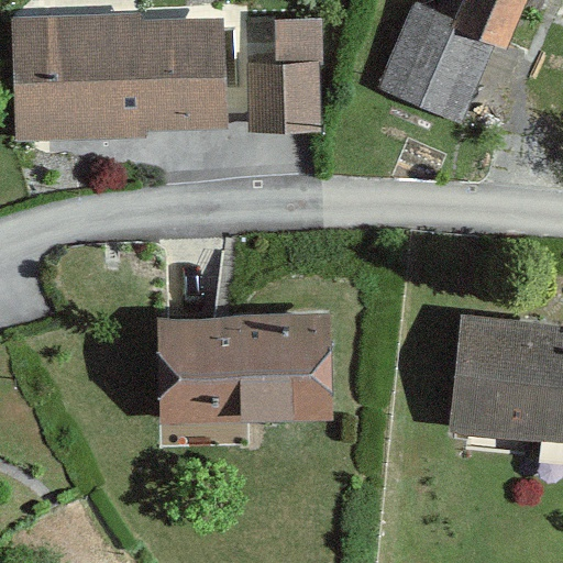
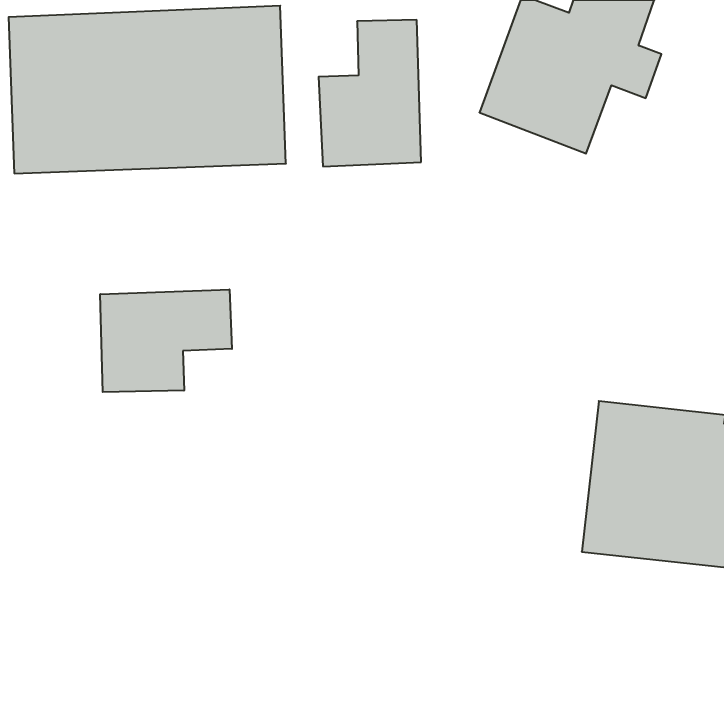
building: none -> [100,289,232,392]
building: [158,311,335,426] -> none

